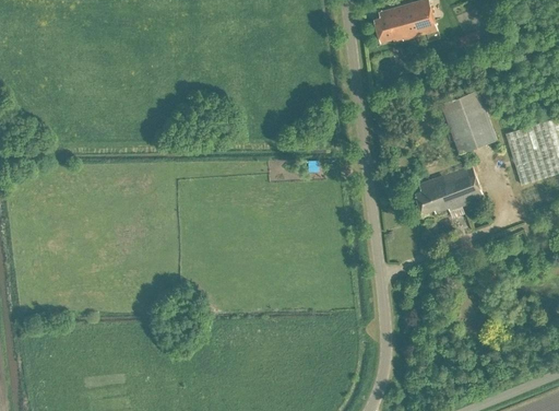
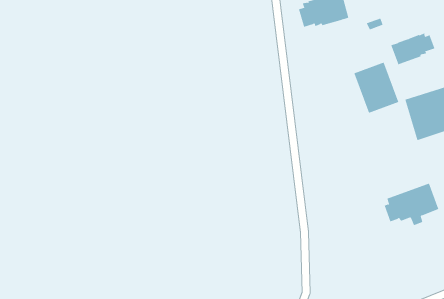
building: none -> [390,32,435,65]
building: [414,165,483,219] -> [384,183,439,226]

